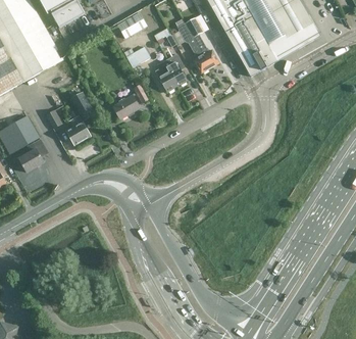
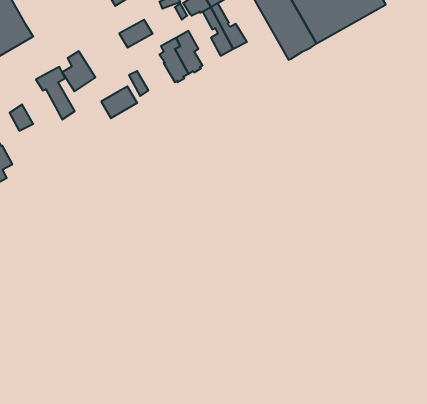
building: [65,115,90,145] -> [62,51,95,91]

